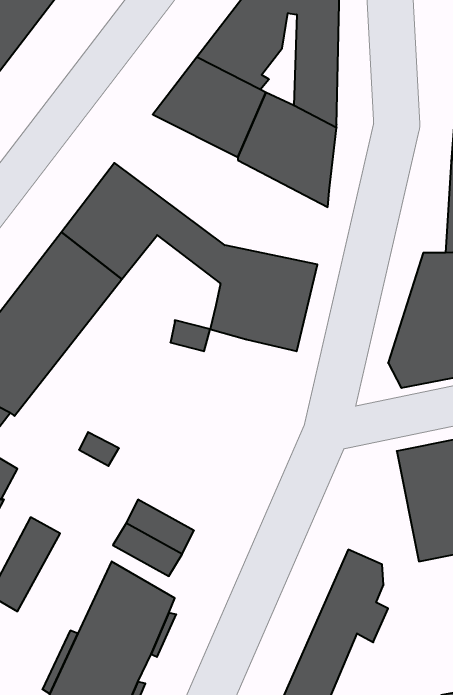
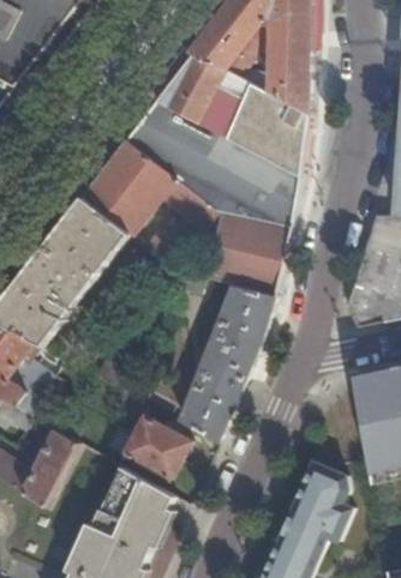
building: none -> [124,102,298,224]
building: none -> [180,285,273,441]

